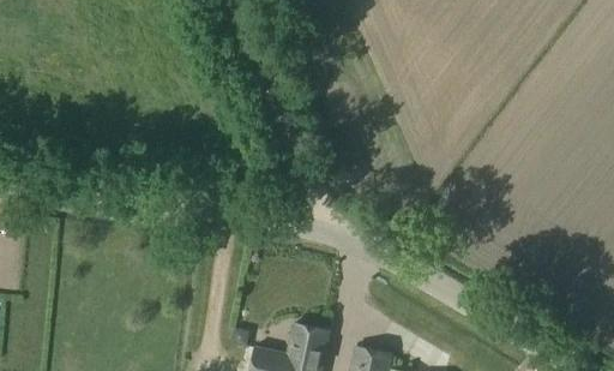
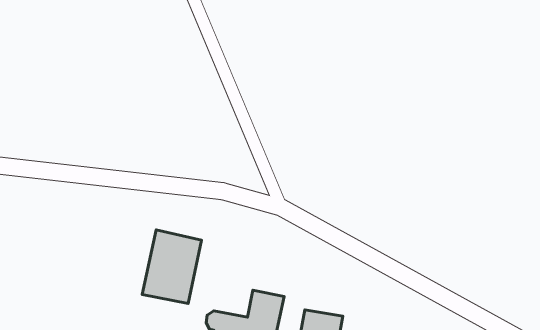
building: none -> [142,230,202,303]

